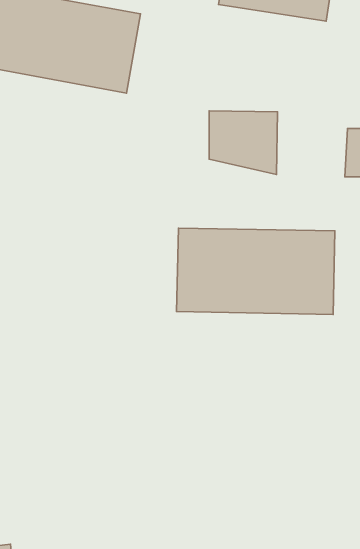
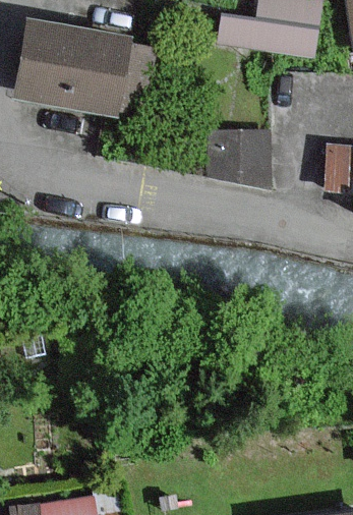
building: [177,228,335,314] -> none

